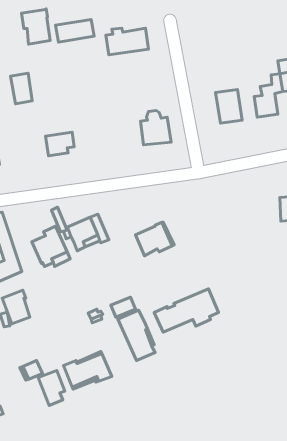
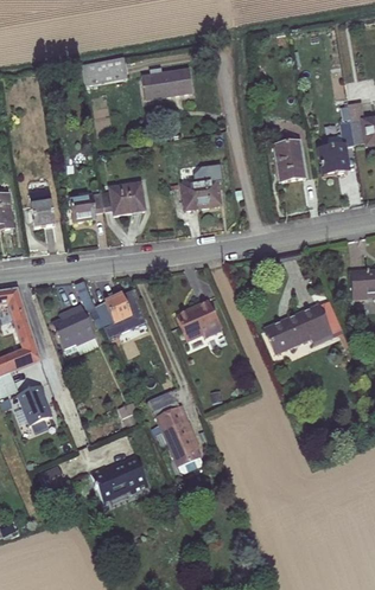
building: [22,9,50,44] -> none
building: [10,73,32,104] -> [28,191,55,227]
building: none -> [101,182,144,214]
building: [154,289,218,332] -> [265,300,342,352]
building: [38,370,65,406] -> none

